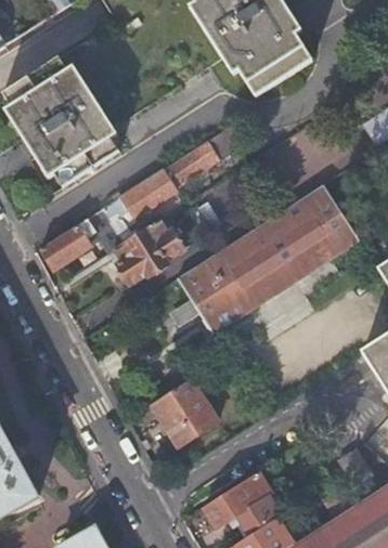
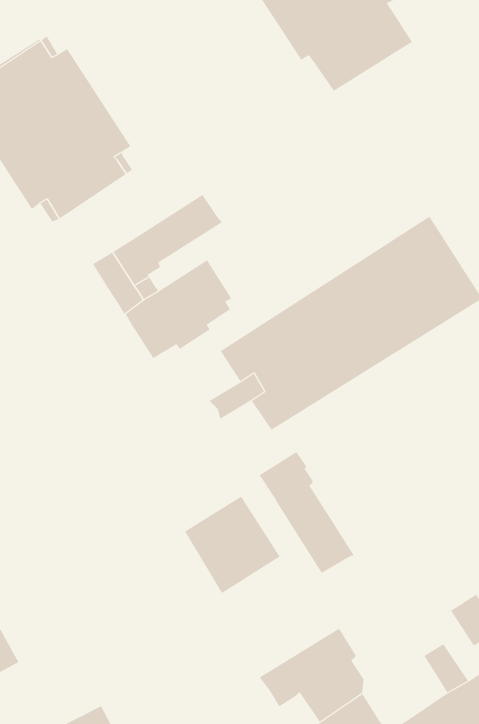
building: [165,129,243,186] -> none
building: [40,218,96,270] -> none
building: none -> [259,451,354,574]

